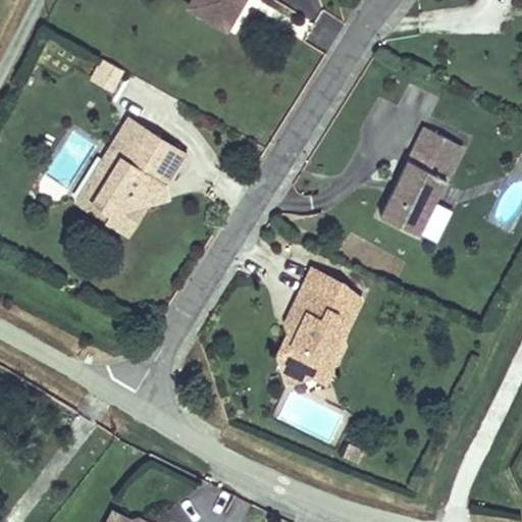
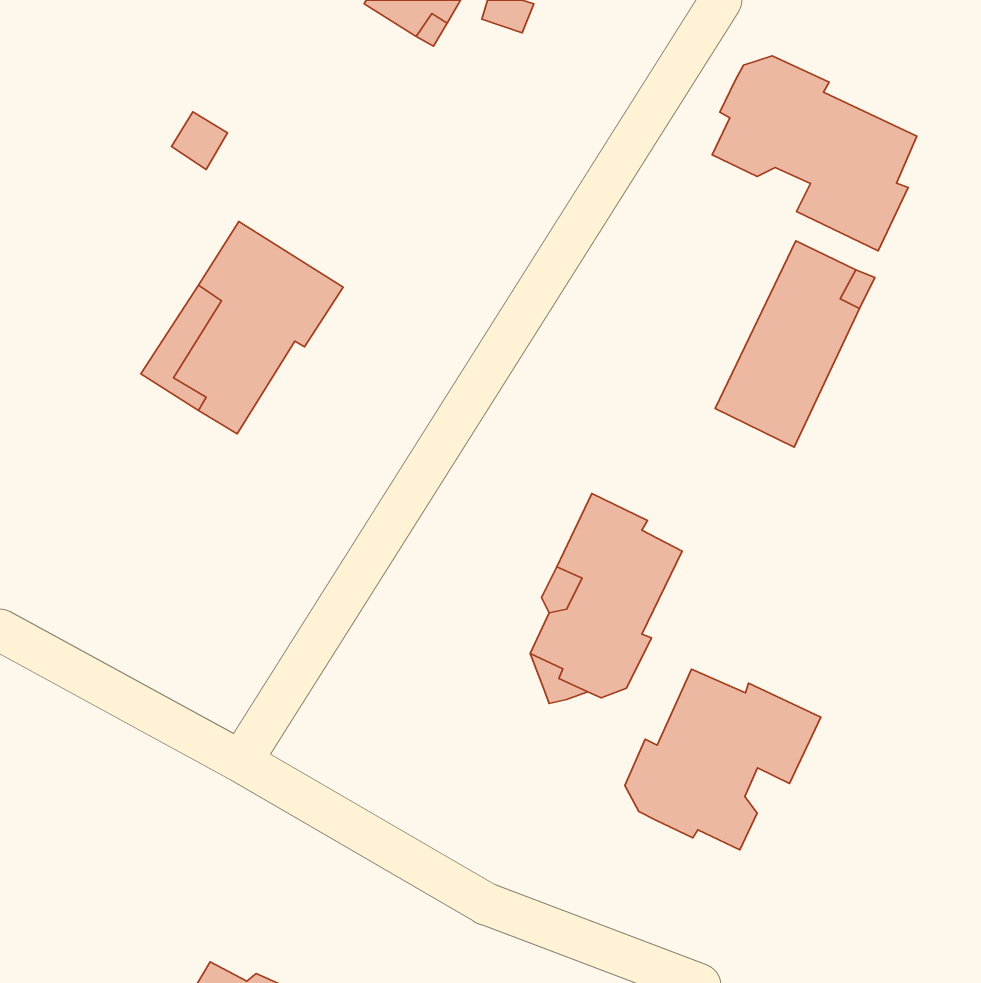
building: none -> [712,56,917,251]
building: none -> [625,669,821,850]

